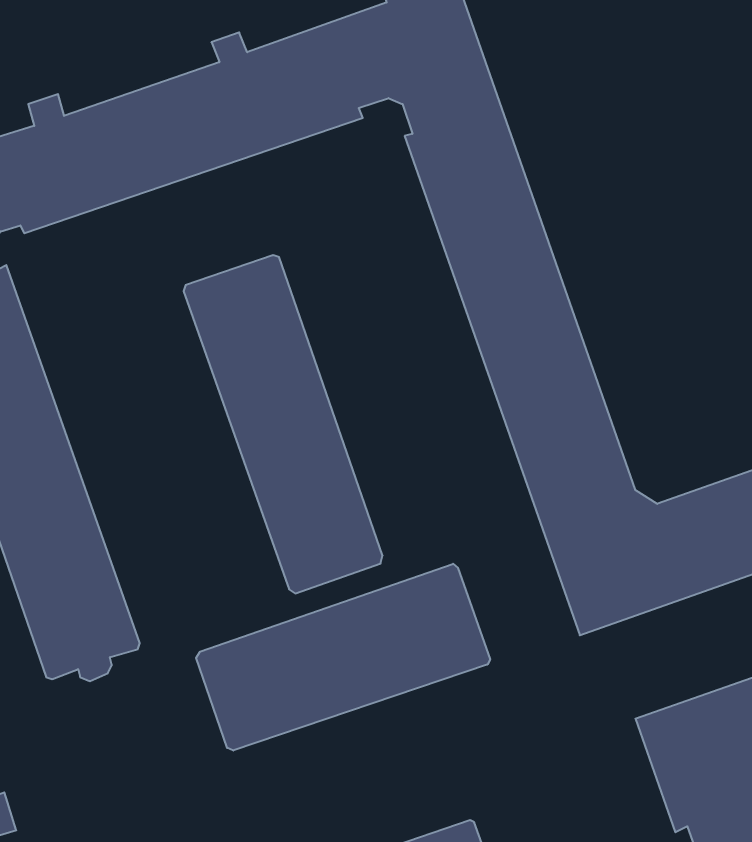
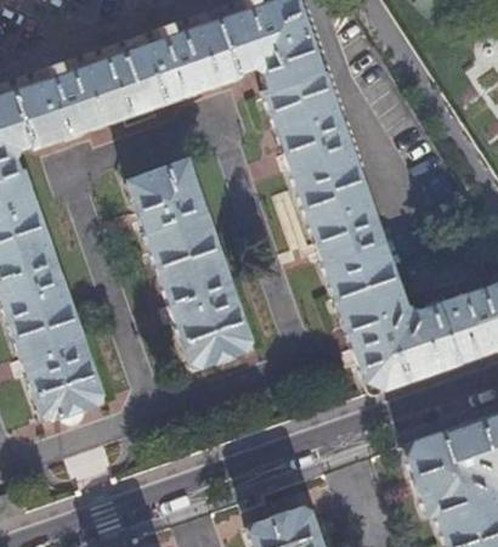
building: [196,564,490,751] -> none

